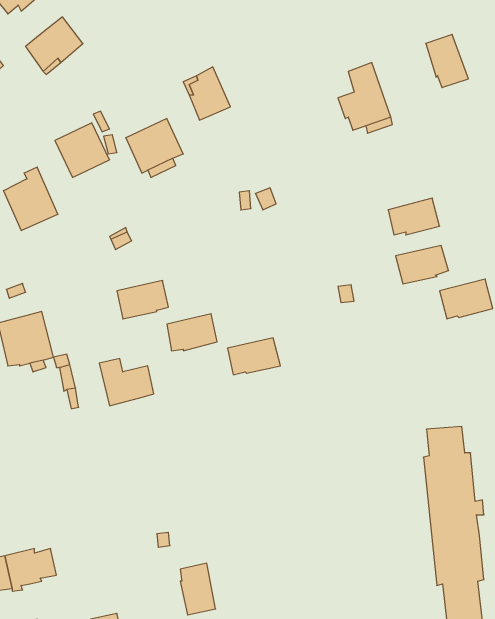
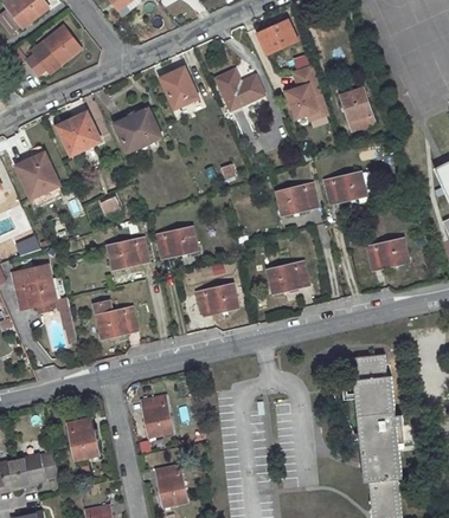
building: none -> [257,20,296,54]
building: [426,34,468,88] -> [340,88,374,130]
building: none -> [216,70,263,109]
building: [396,246,449,284] -> [275,183,317,214]
building: none -> [267,261,308,292]
building: [167,314,217,351] -> [156,226,197,255]
building: none -> [142,395,172,436]
building: none -> [68,417,98,460]

